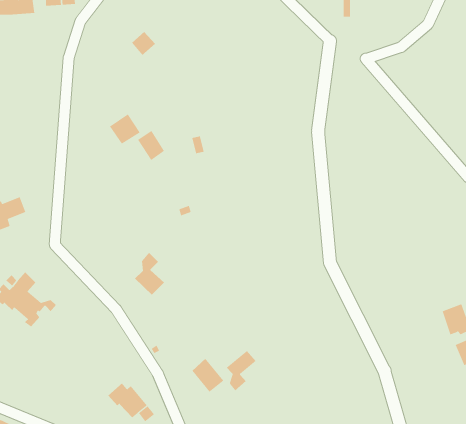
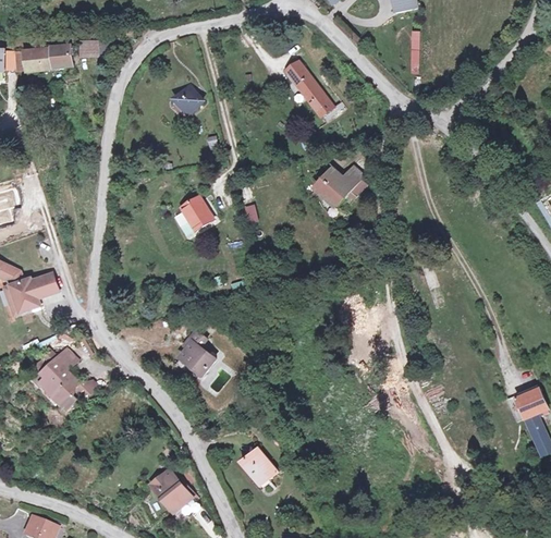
building: none -> [286,59,345,122]
building: none -> [318,167,366,208]
building: [109,113,141,144] -> none
building: [226,350,257,391] -> none

